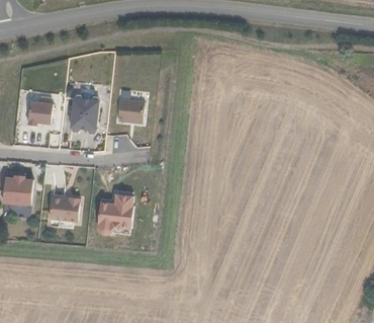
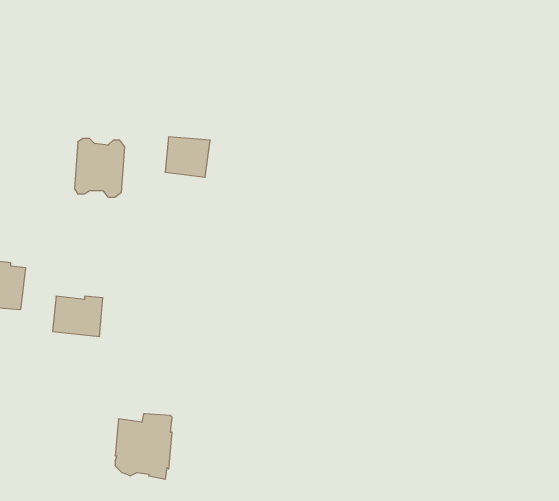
building: [29,99,54,124] -> none
building: [100,194,134,234] -> [115,414,172,479]

